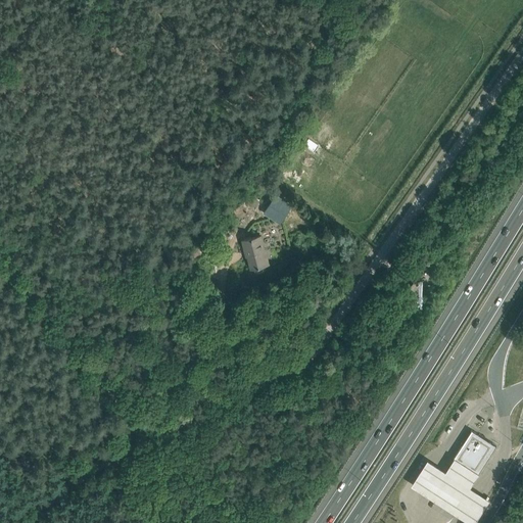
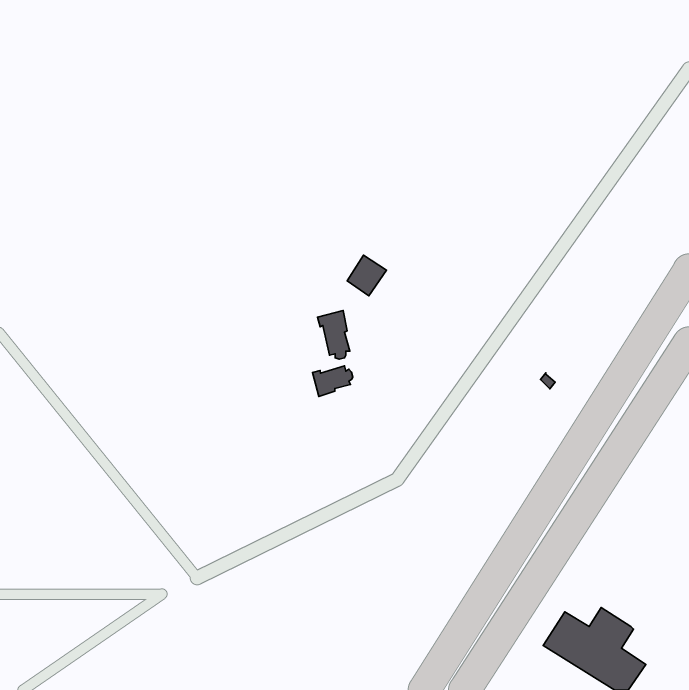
building: none -> [312,366,353,397]
building: [453,430,495,474] -> none

